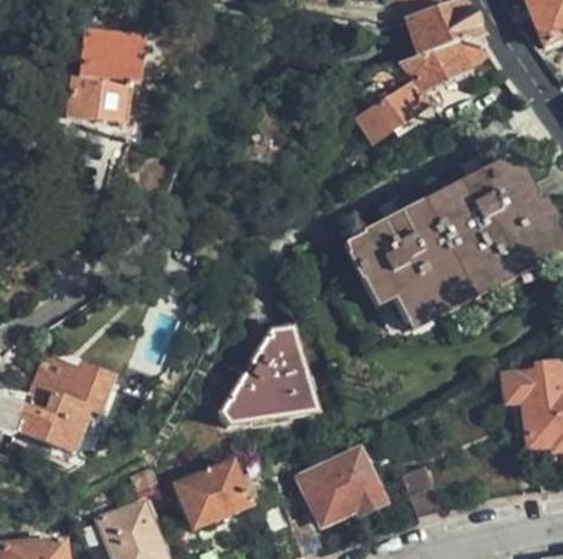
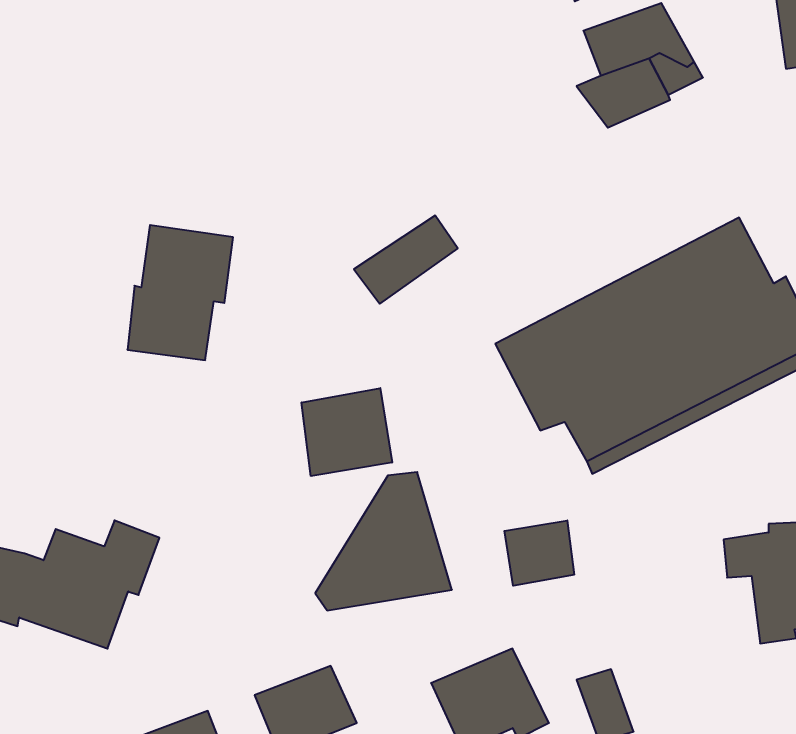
building: [68,29,142,123] -> [127,225,233,360]
building: [353,83,425,144] -> [354,216,458,304]
building: none -> [302,388,392,476]
building: none -> [504,520,574,586]

